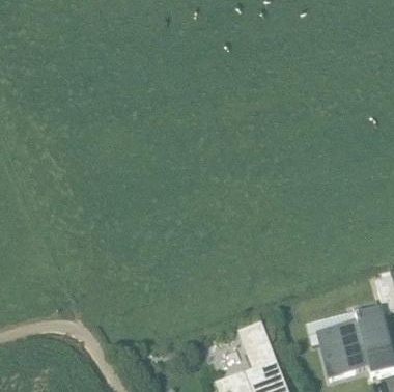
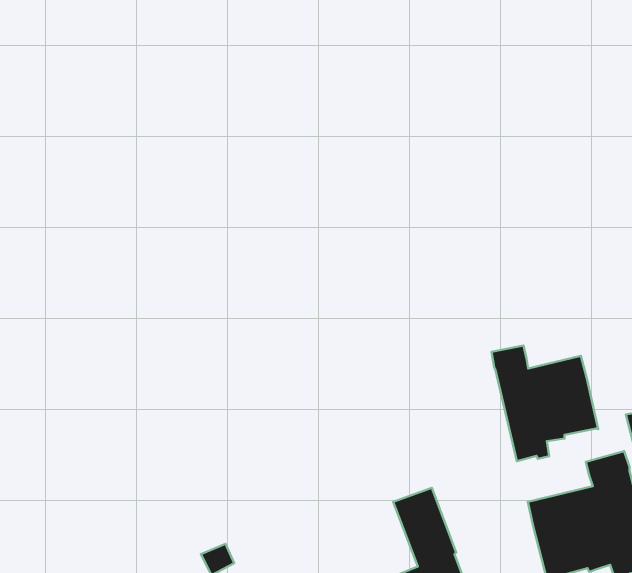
building: none -> [492,345,598,461]

